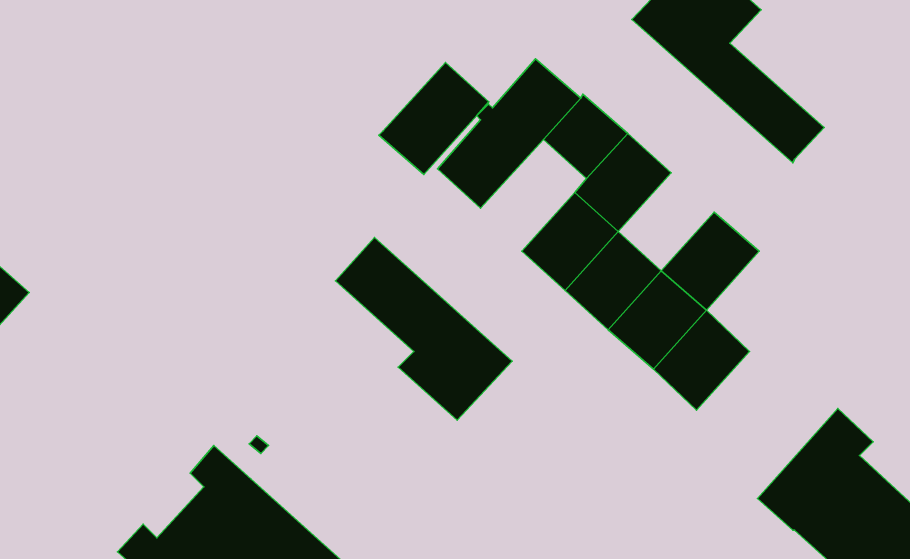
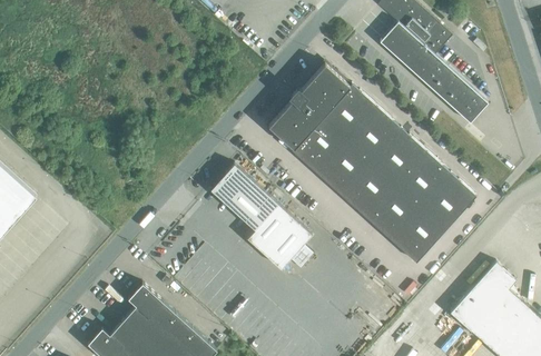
building: [379,63,489,174] -> [291,109,353,172]
building: none -> [371,128,425,184]
building: none -> [421,172,475,229]

